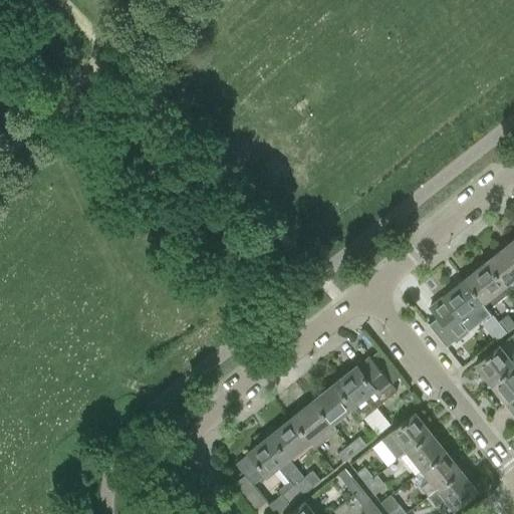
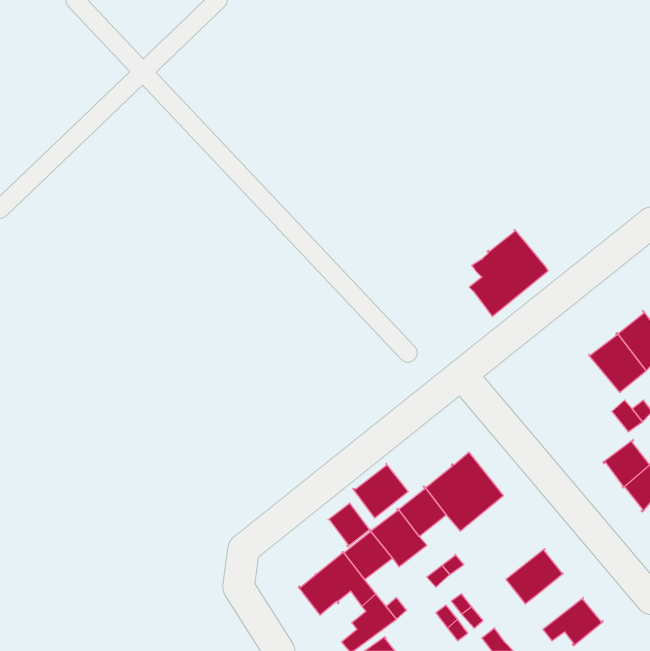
building: [429,280,491,348] -> [469,230,548,317]
building: none -> [353,463,408,518]
building: none -> [328,503,370,547]
building: [381,414,430,459] -> none
building: [422,452,461,496] -> none

